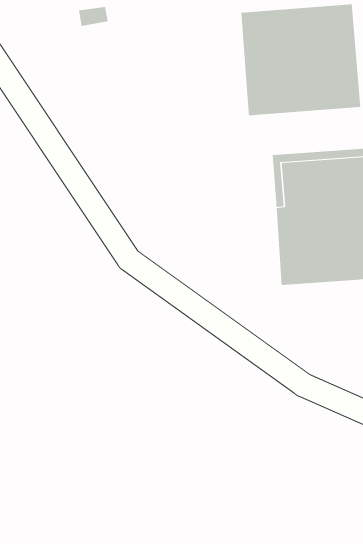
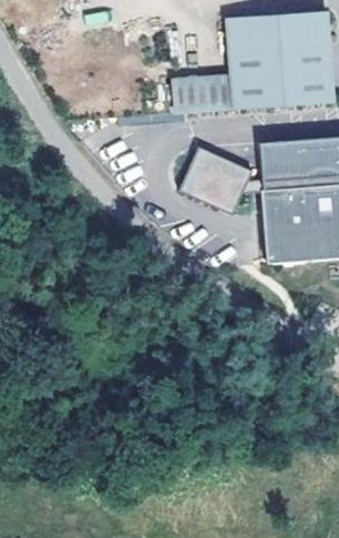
building: none -> [177,78,236,113]
building: none -> [178,146,250,215]

